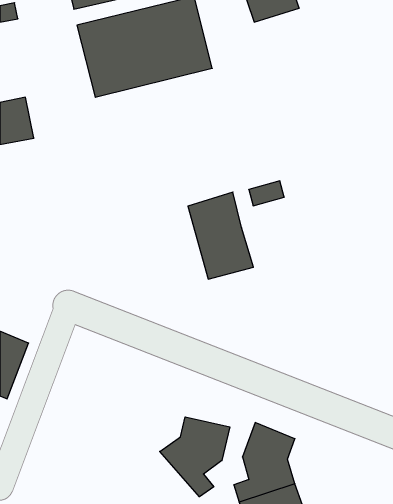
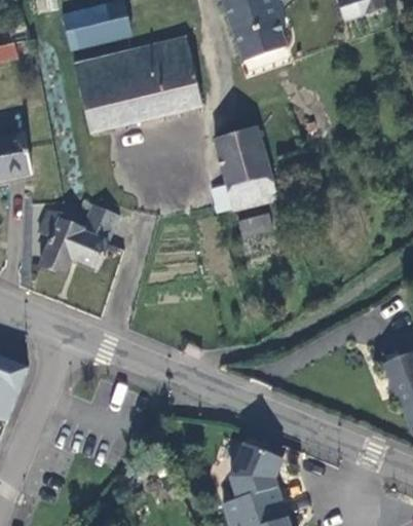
building: none -> [38,203,119,274]
building: [188,192,253,279] -> [214,125,276,209]
building: [160,417,230,497] -> none

